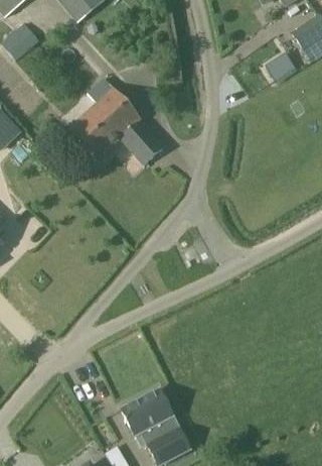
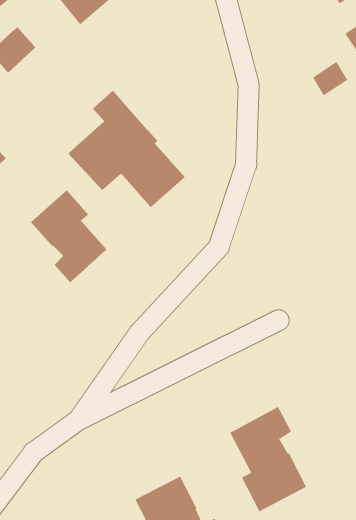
building: none -> [30,190,107,283]
building: none -> [230,406,307,512]

